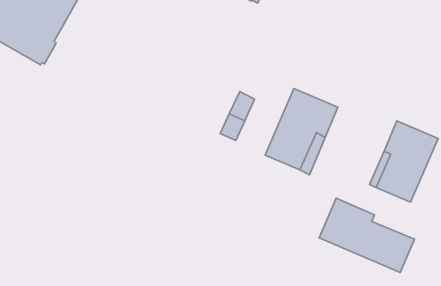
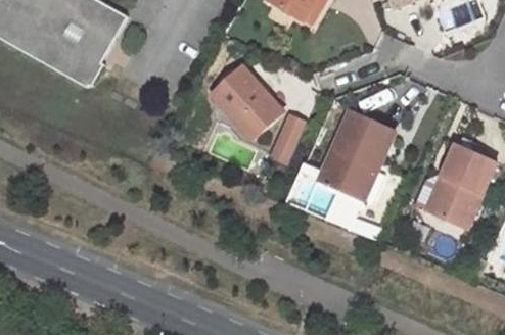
building: none -> [211,64,283,138]
building: [319,198,414,273] -> none

